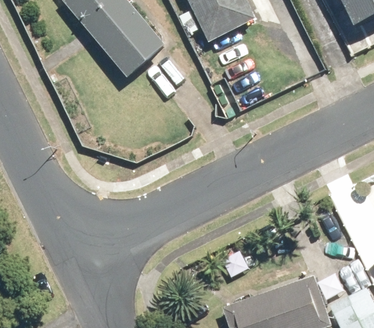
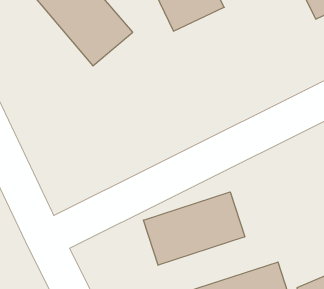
building: none -> [143,192,245,265]

